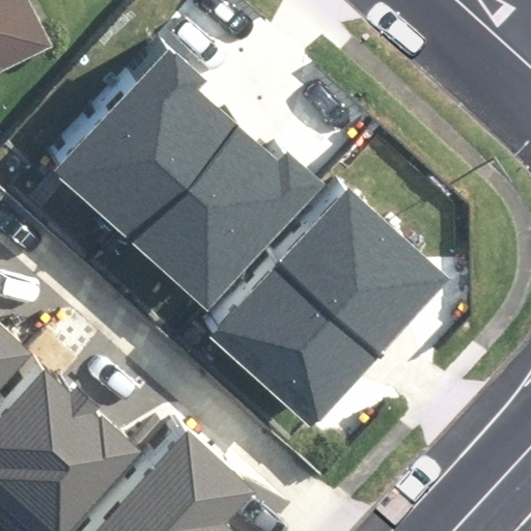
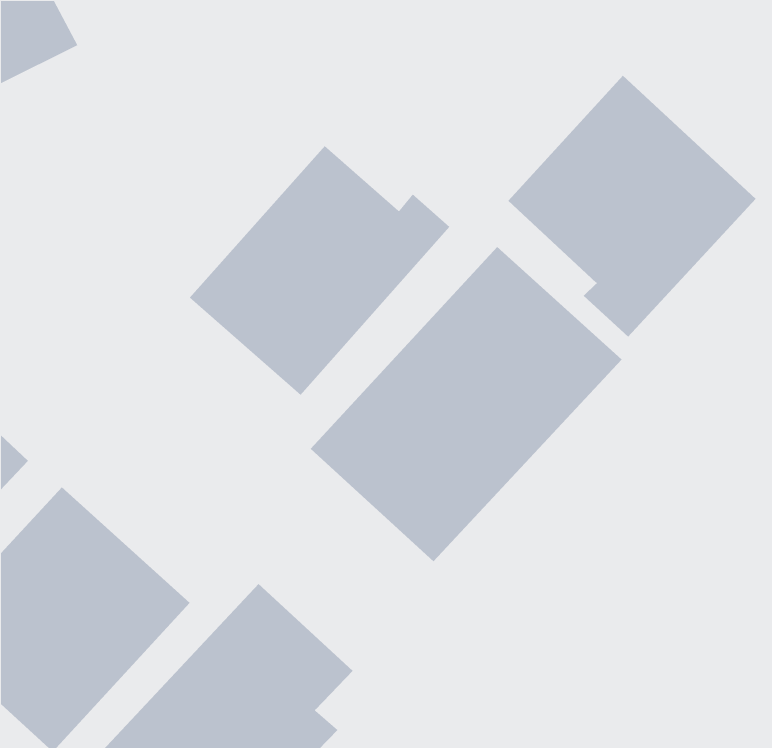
building: [56,40,223,221] -> none
building: none -> [507,75,756,338]

